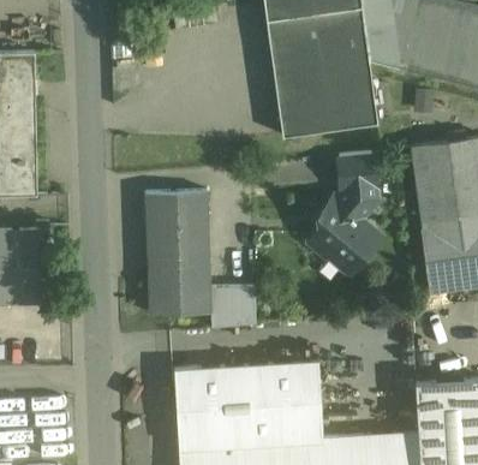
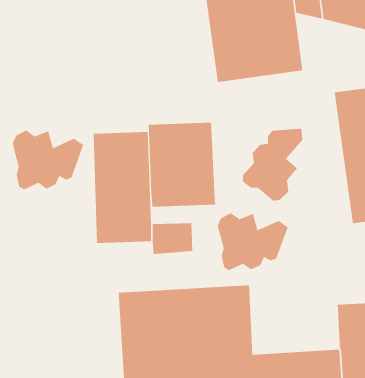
building: [339,154,376,190] -> none
building: none -> [148,122,215,207]
building: none -> [12,129,84,190]
building: none -> [217,212,288,271]

